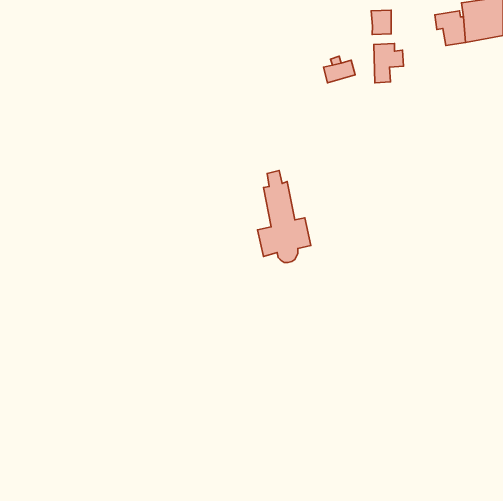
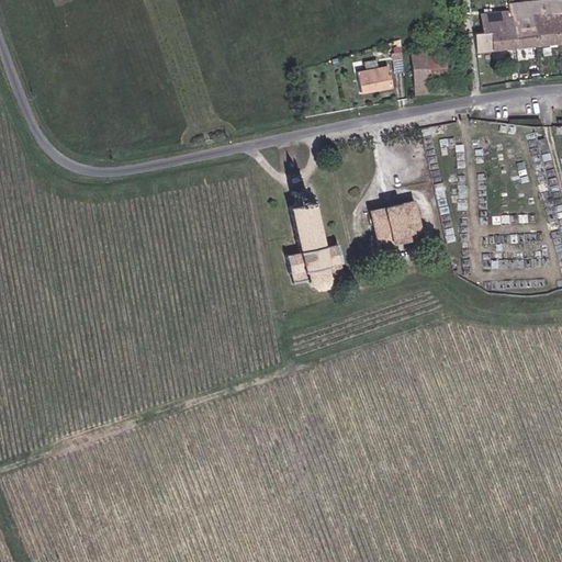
building: [371,10,391,35] -> none
building: none -> [371,200,419,244]

